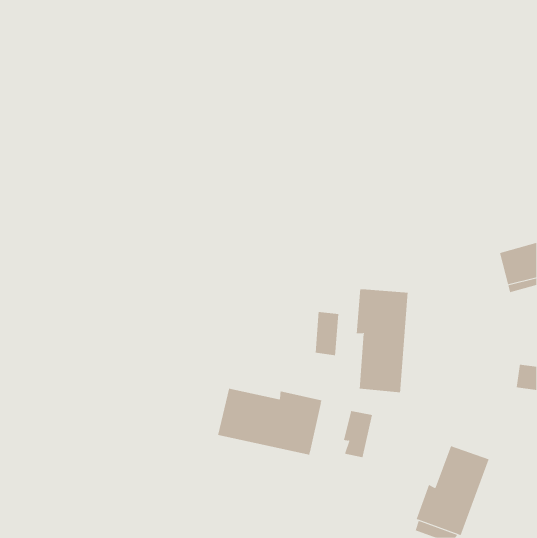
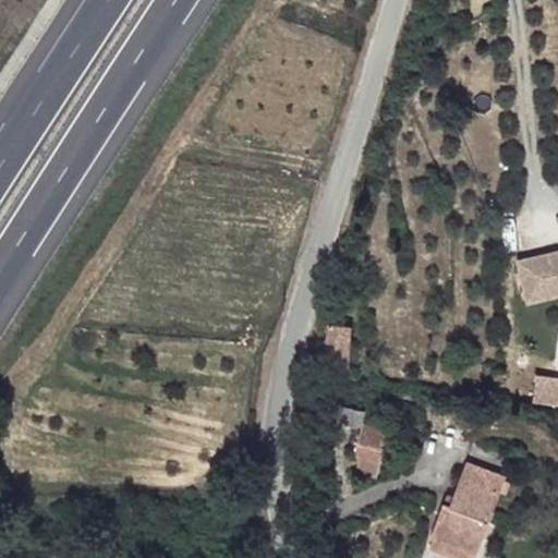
building: [356,288,408,393] -> none
building: [218,388,322,456] -> none

